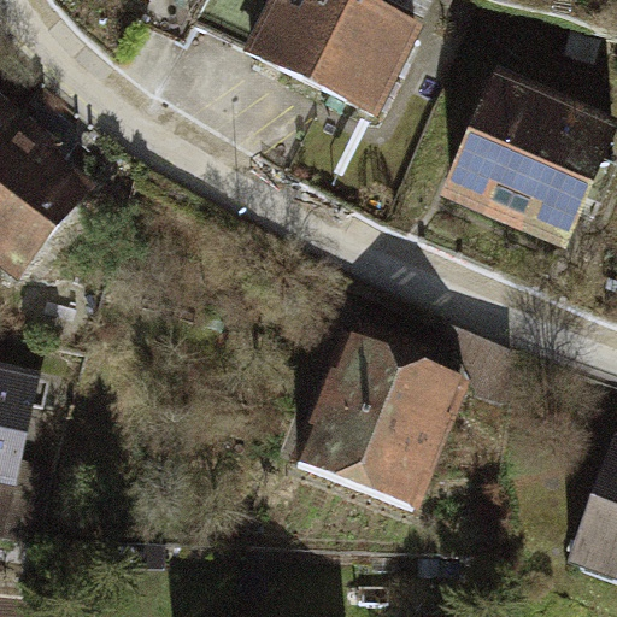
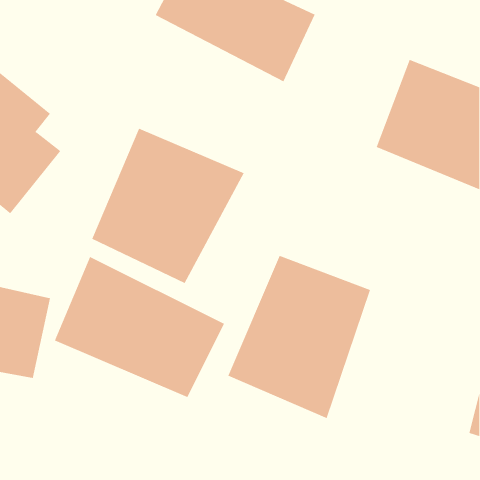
building: none -> [91,128,244,284]
building: none -> [54,256,225,398]

